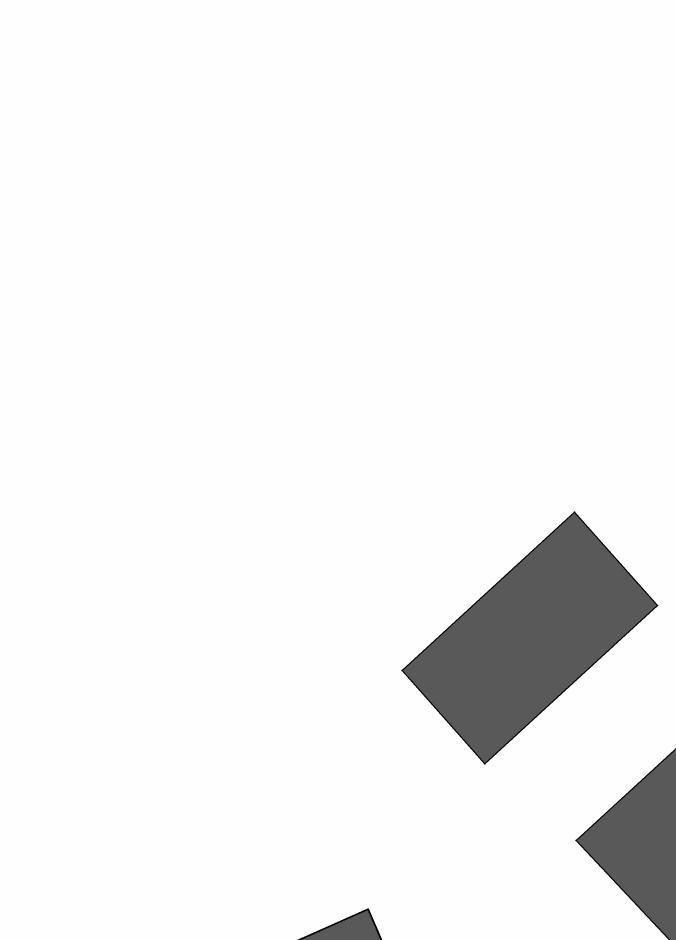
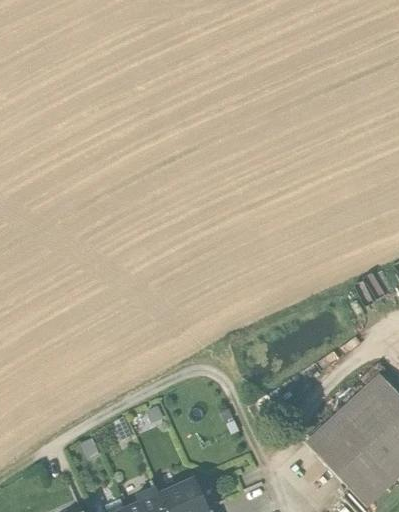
building: [402,512,657,764] -> none

